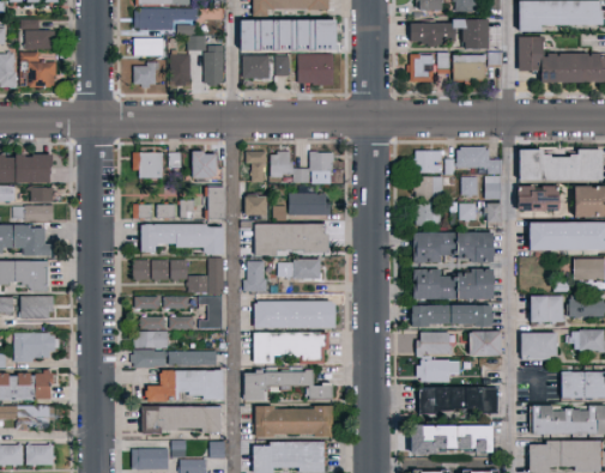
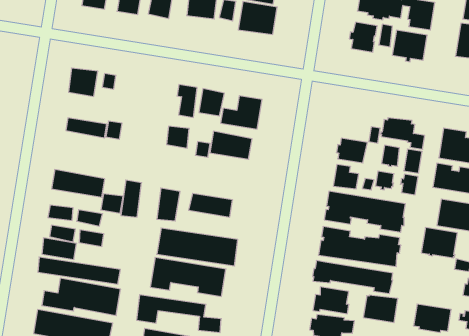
building: [187,150,211,176] -> none
building: [417,152,446,174] -> none
building: [204,184,222,217] -> none
building: [137,222,220,253] -> none
building: [252,222,323,254] -> none
building: [198,295,222,327] -> none
building: [533,297,568,325] -> [421,228,457,258]

